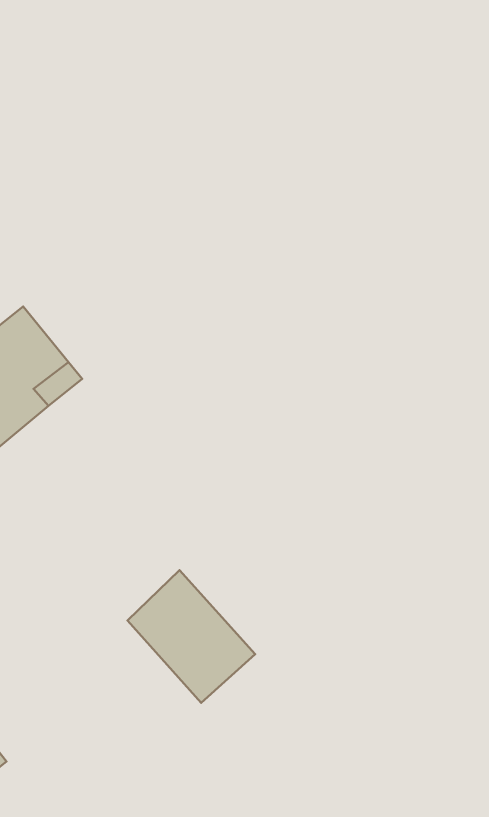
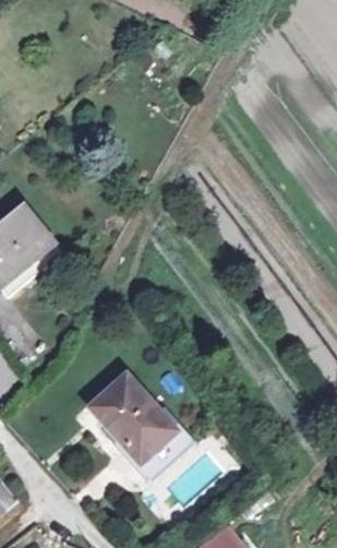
building: none -> [136,426,186,474]

